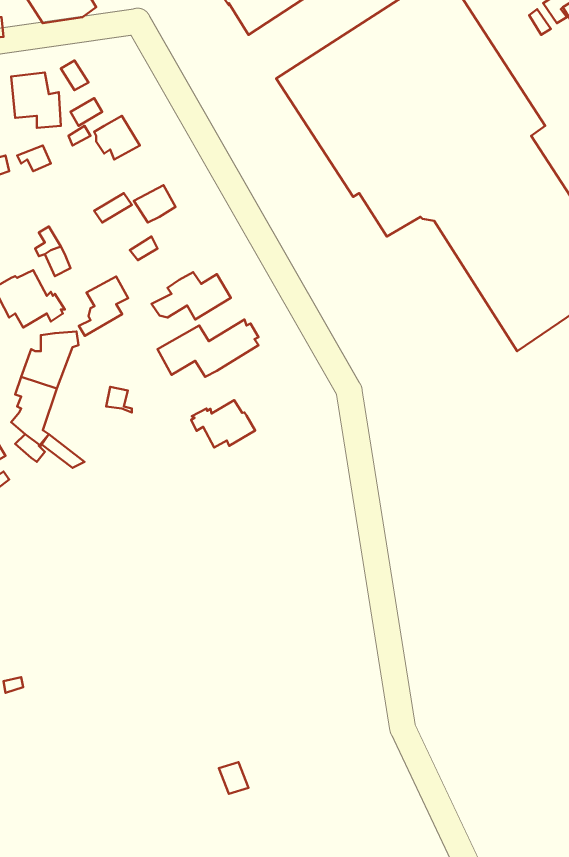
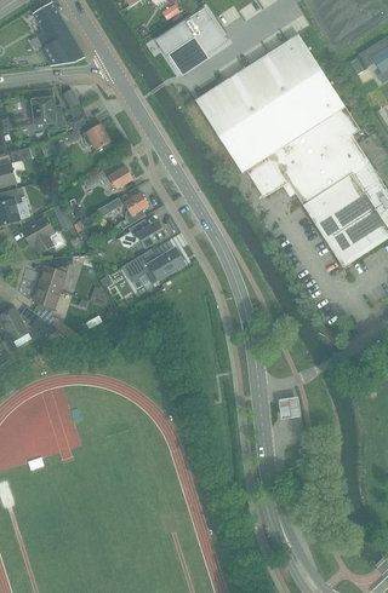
building: [79,277,128,336] -> [119,191,149,228]
building: [191,400,255,447] -> none

